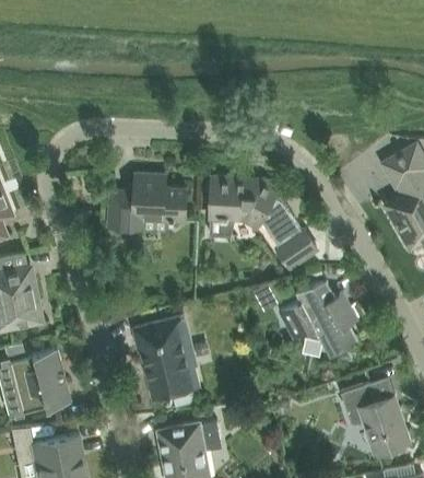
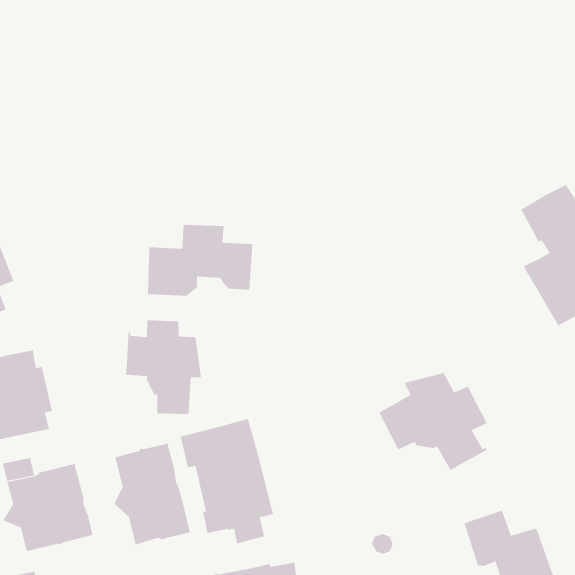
building: [209,178,317,267] -> none
building: none -> [126,320,201,415]
building: none -> [114,443,190,546]

